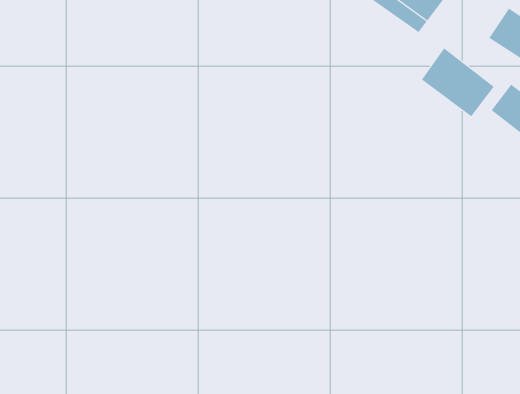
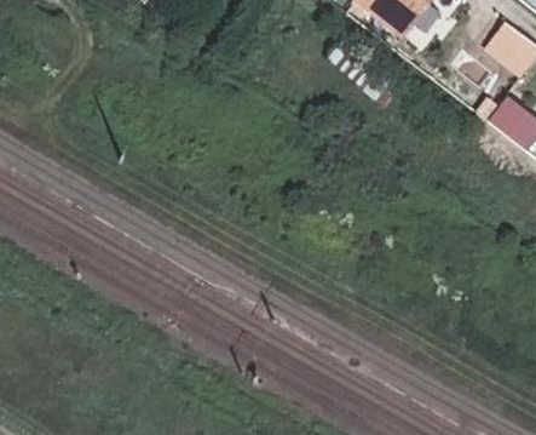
building: [421,48,495,117] -> none

